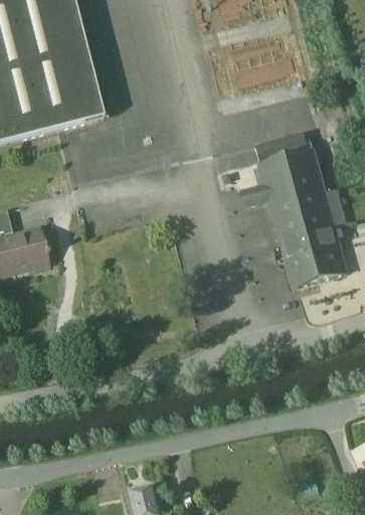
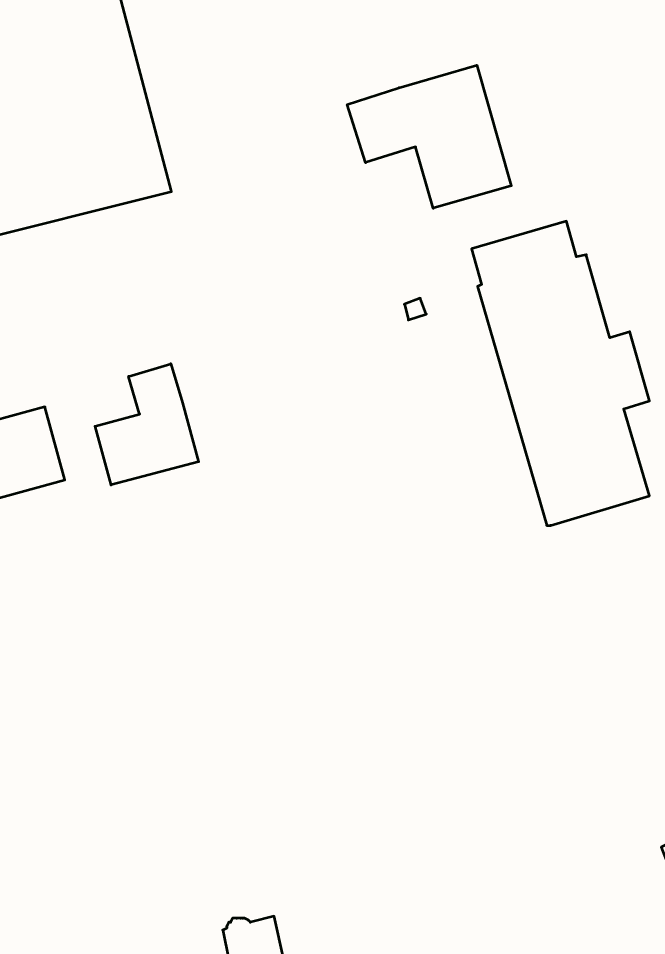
building: none -> [347,65,511,208]
building: none -> [95,364,199,485]

